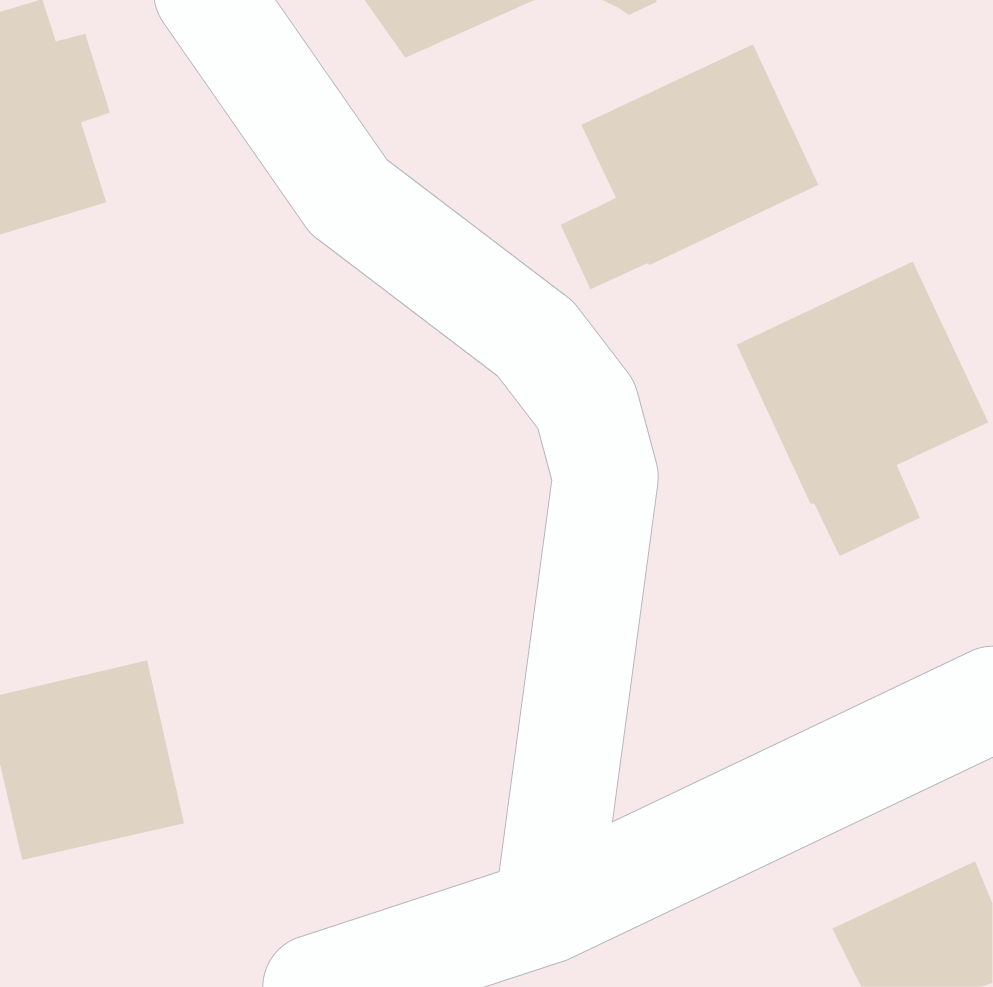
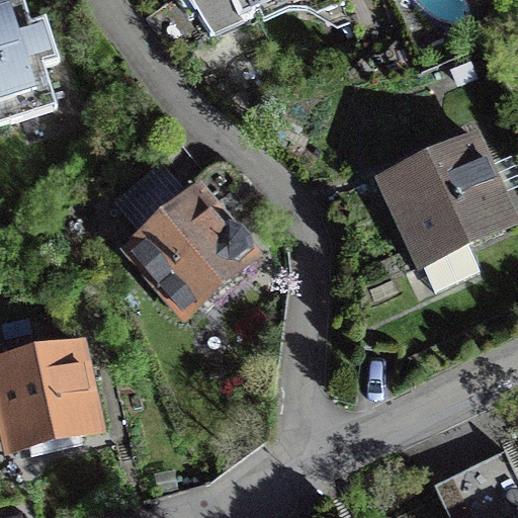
building: [560,44,819,290] -> none
building: none -> [131,185,253,312]

